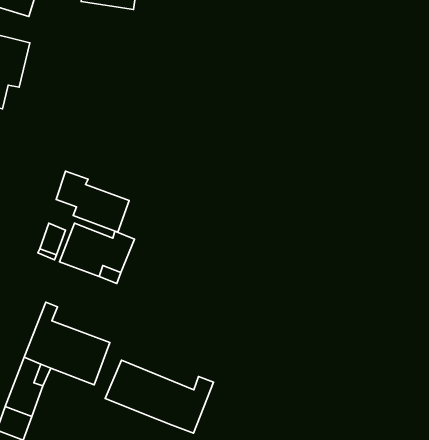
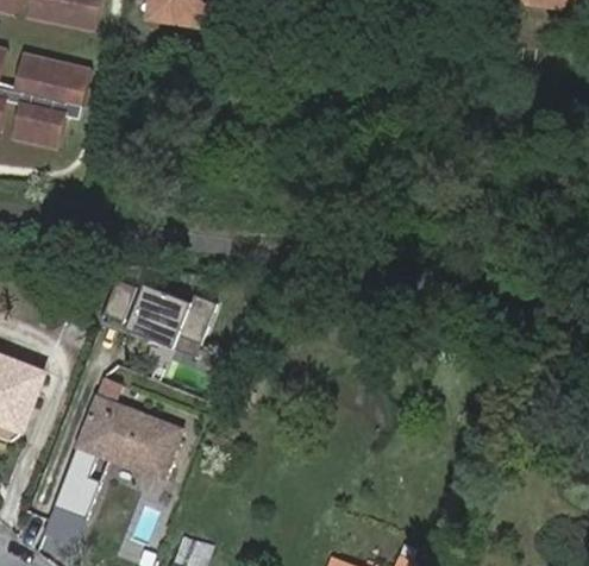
building: [56,171,129,232] -> none
building: [105,360,213,433] -> none

